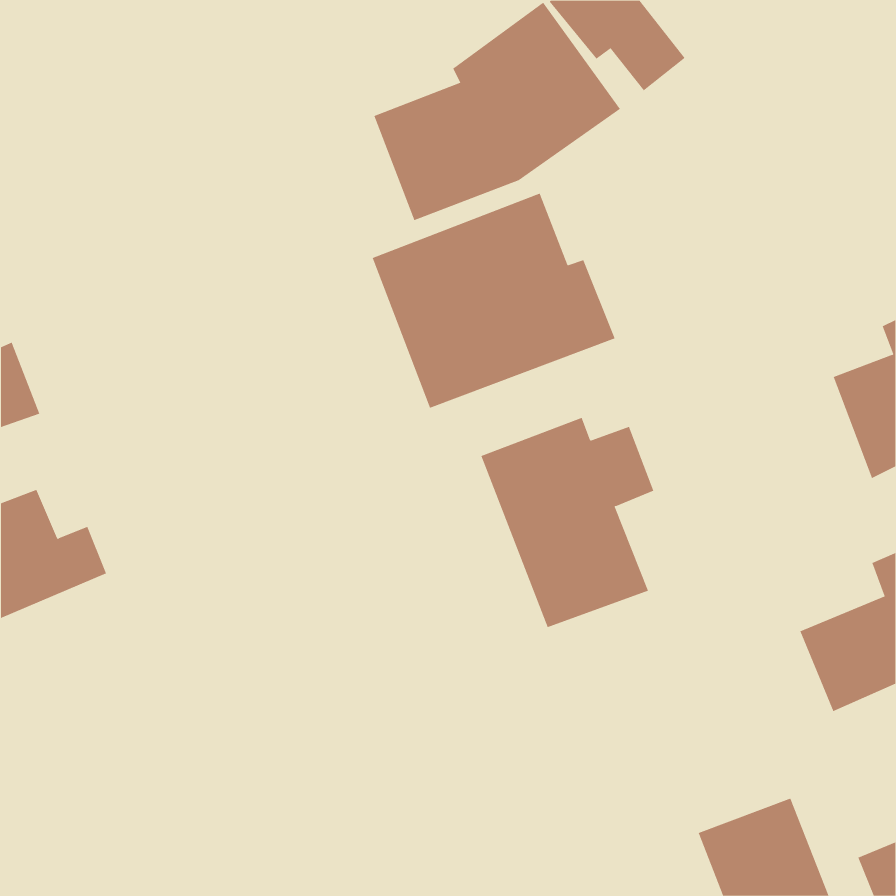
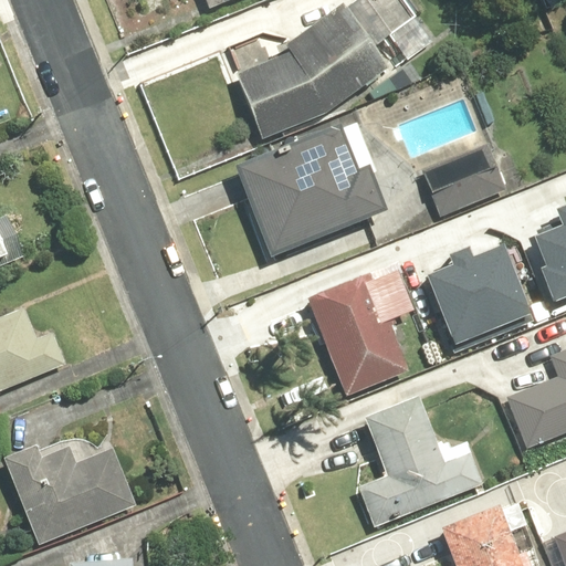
building: none -> [413,149,499,220]
building: none -> [420,241,533,346]
building: none -> [356,395,483,527]
building: none -> [4,444,139,546]

